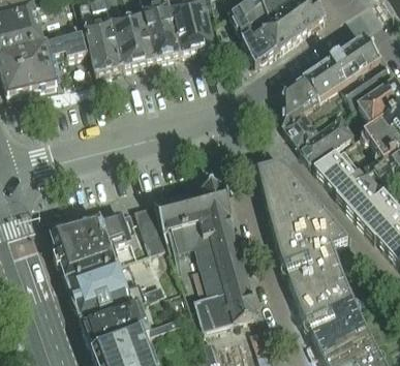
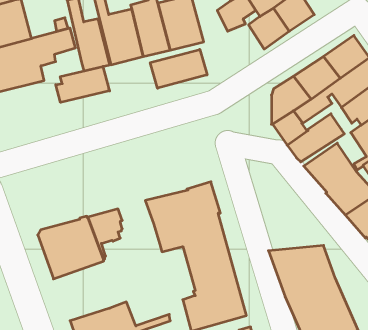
building: [242,27,275,62] -> none
building: none -> [150,49,207,88]
building: none -> [56,66,110,102]
building: [256,160,351,250] -> none
building: [134,201,172,251] -> none
building: [66,261,165,317] -> none

